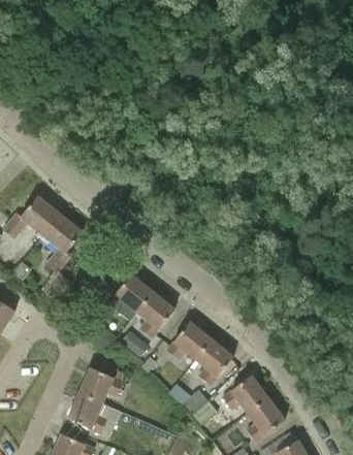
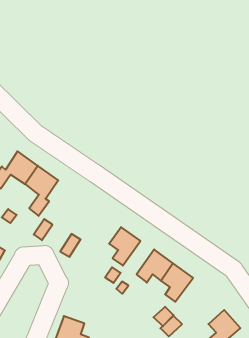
building: [108,273,153,320] -> none
building: [78,367,123,402] -> none
building: [222,375,267,413] -> none

